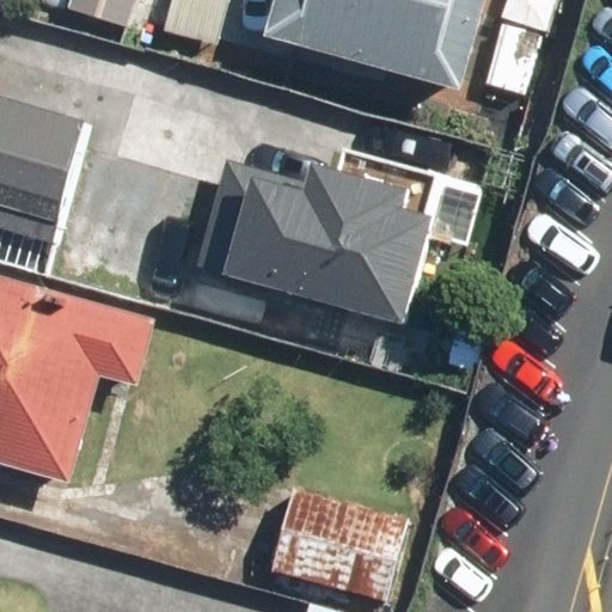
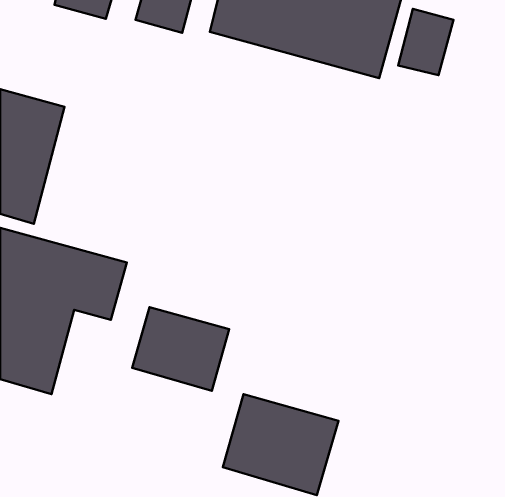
building: [196,154,426,325] -> none
building: none -> [132,307,229,391]

